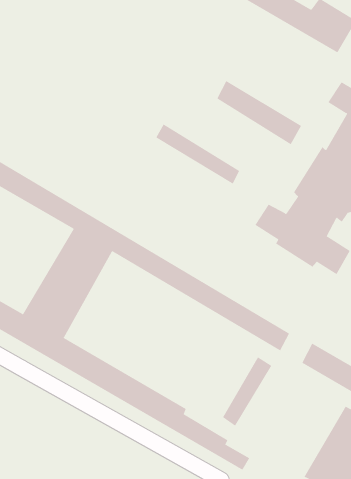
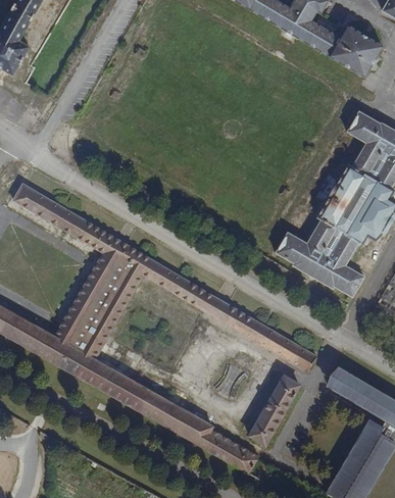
building: [216,80,302,145] -> none
building: [156,123,240,185] -> none

